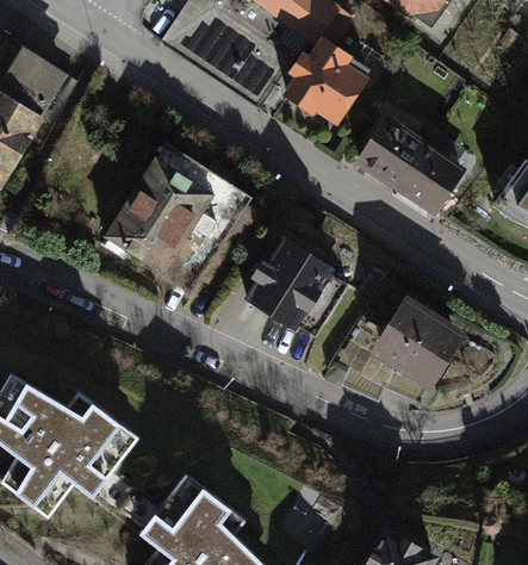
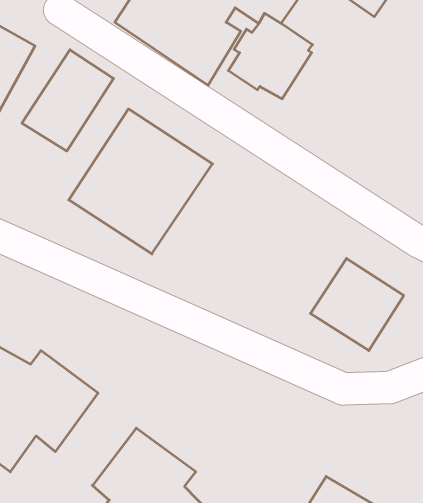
building: none -> [22,50,114,151]
building: [352,114,465,216] -> none
building: [242,235,348,337] -> none

